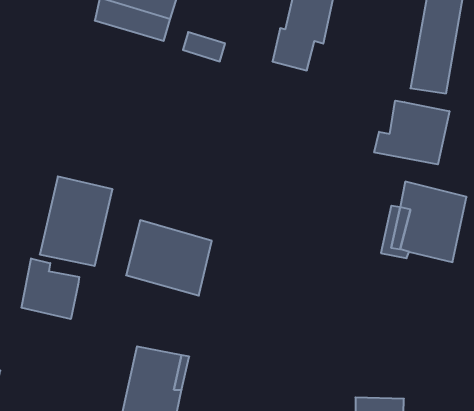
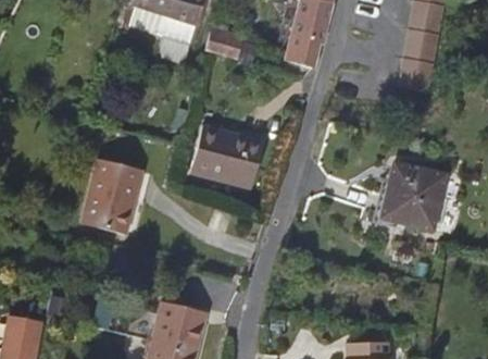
building: [374,101,449,164] -> none
building: [126,220,212,296] -> [188,124,261,188]
building: [21,258,79,319] -> none

